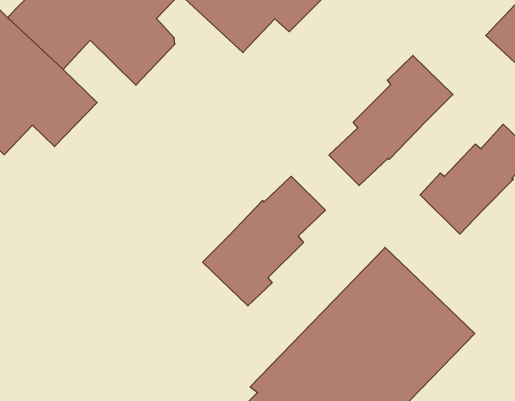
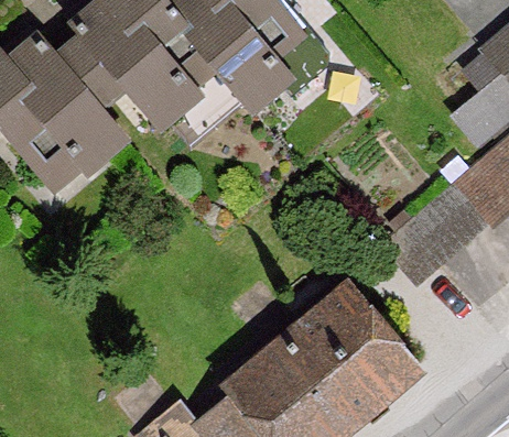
building: [329,55,453,186] -> none
building: [203,176,325,306] -> none

